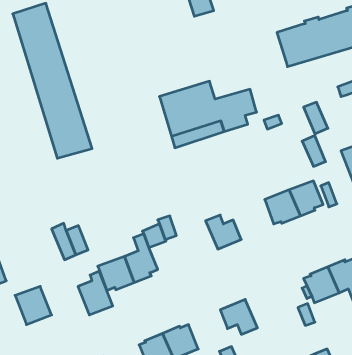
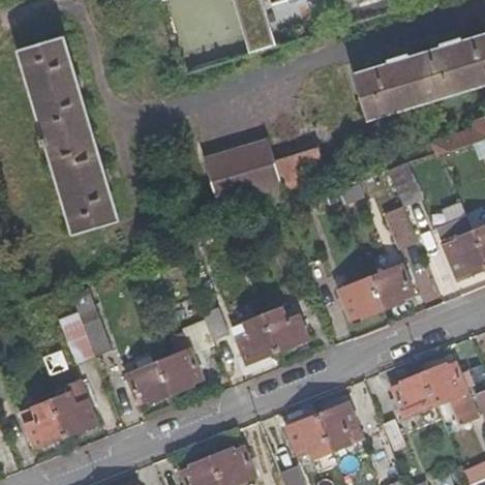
building: none -> [237,313,279,363]
building: [78,271,113,315] -> [53,377,97,433]
building: none -> [314,401,361,450]

